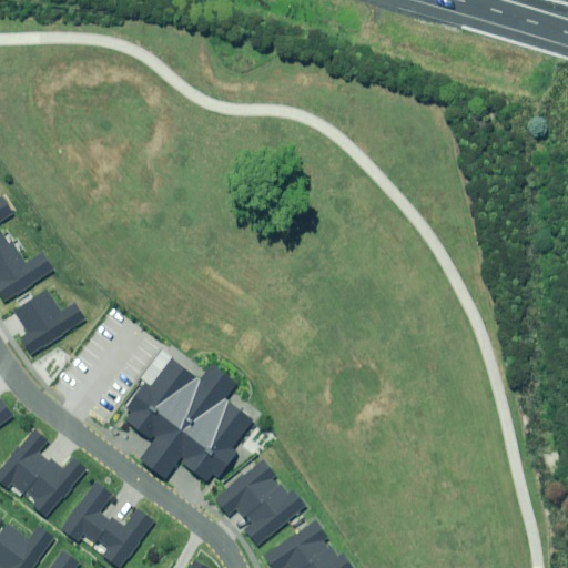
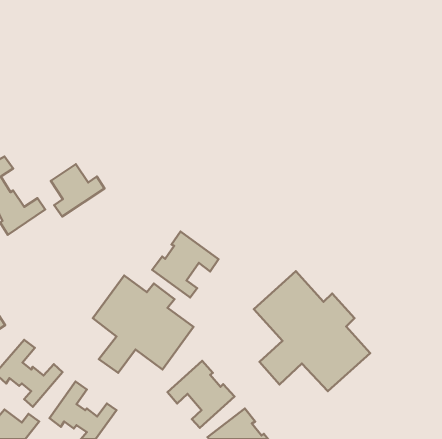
building: [22,285,91,352] -> [51,164,105,216]
building: none -> [152,231,218,298]
building: none -> [254,271,370,391]

